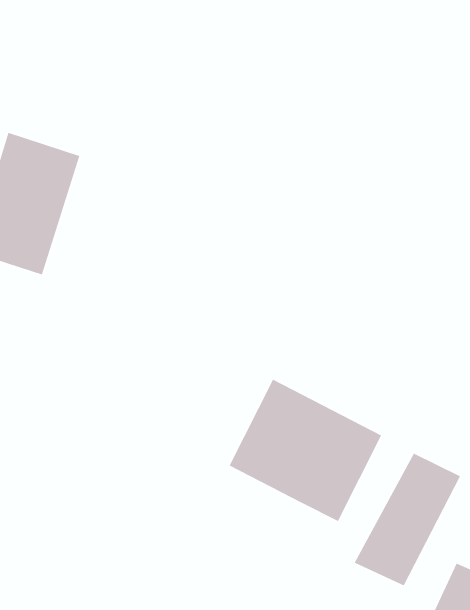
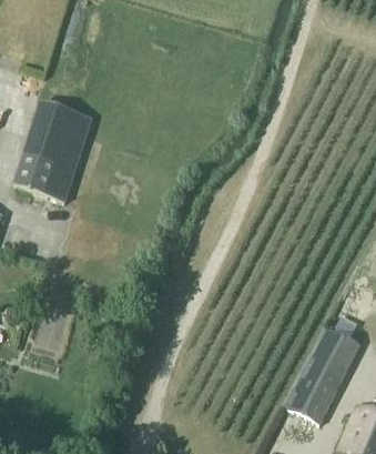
building: [229,379,382,522] -> none

